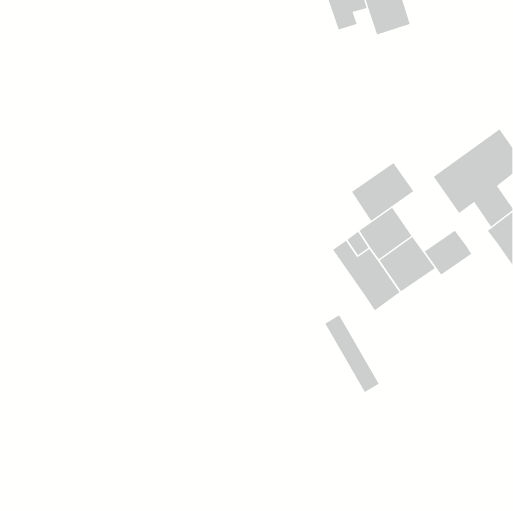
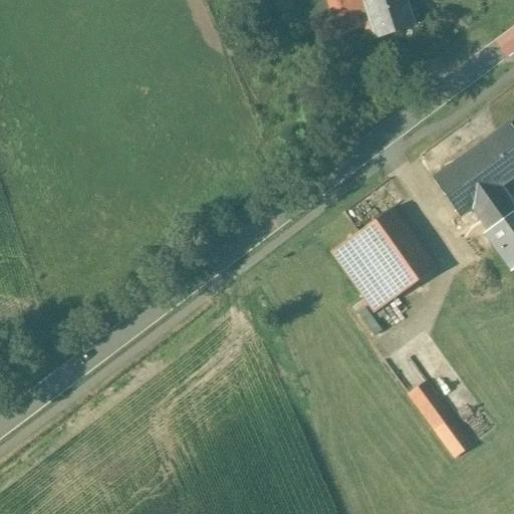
building: [351,162,414,222] -> none
building: [424,230,472,276] -> none
building: [324,315,380,393] -> [415,381,470,460]

